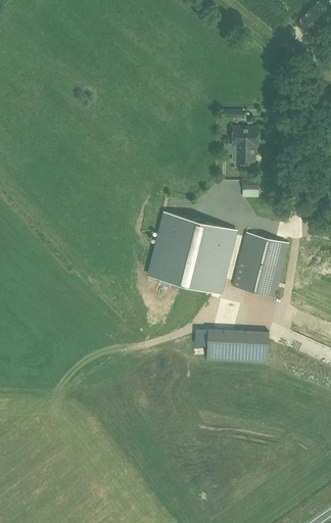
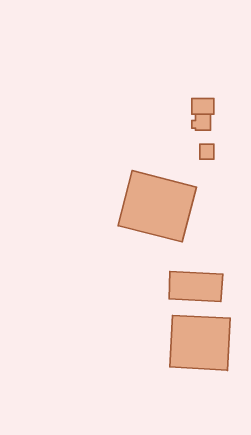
building: [232,233,289,297] -> none
building: none -> [170,315,230,370]

